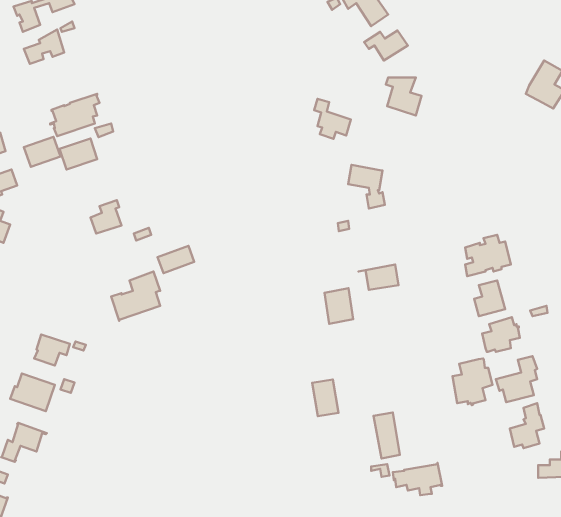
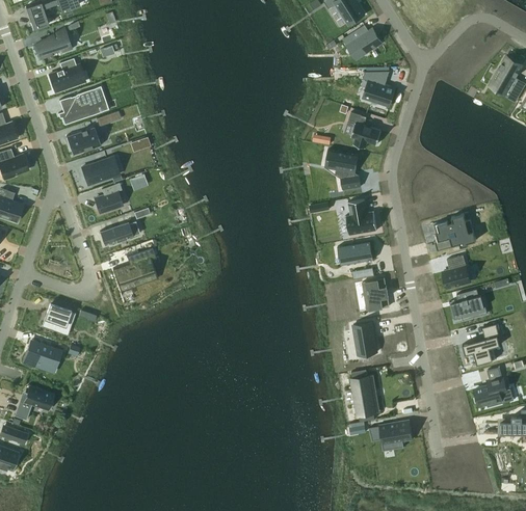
building: none -> [48,58,79,92]
building: [314,99,351,139] -> [347,112,380,149]
building: [24,137,61,167] -> [80,158,113,185]
building: none -> [345,200,376,236]
building: [158,246,194,273] -> [99,221,132,246]
building: [324,288,353,324] -> [362,278,388,311]
building: [453,358,492,405] -> none
building: [312,380,338,416] -> [352,322,376,355]

